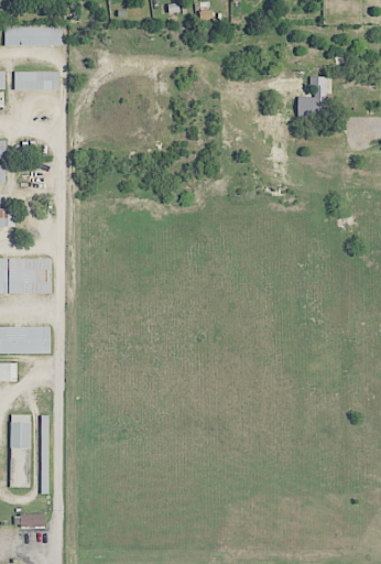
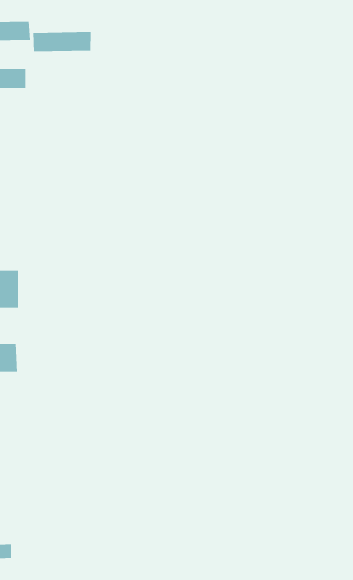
building: none -> [33,31,91,52]
building: [295,77,325,118] -> none

